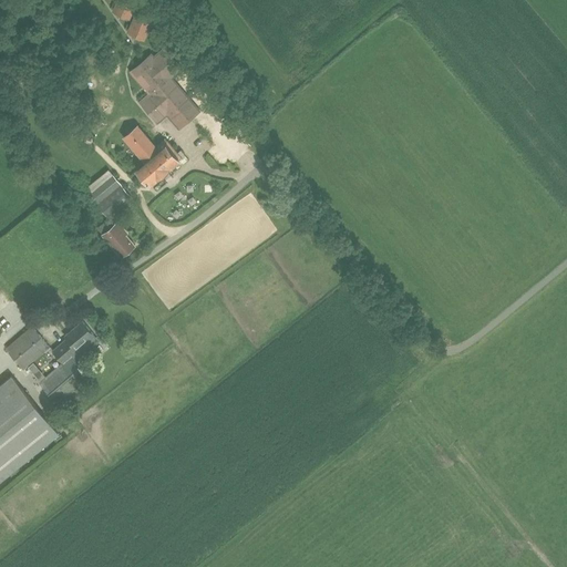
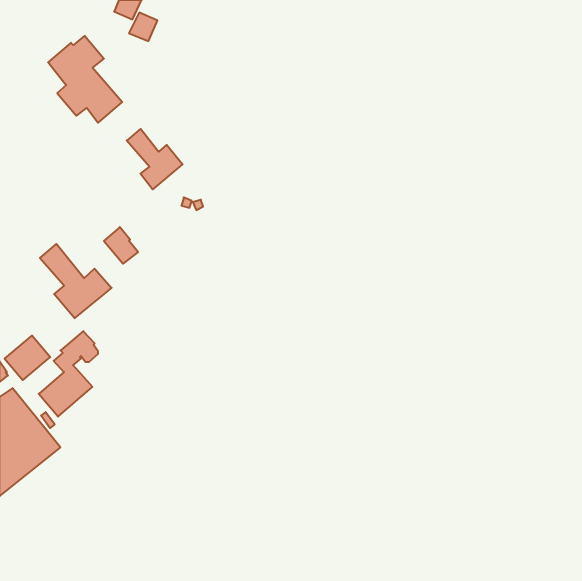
building: [128,48,200,132] -> [48,36,122,123]
building: [86,171,131,219] -> none
building: none -> [40,244,112,318]

